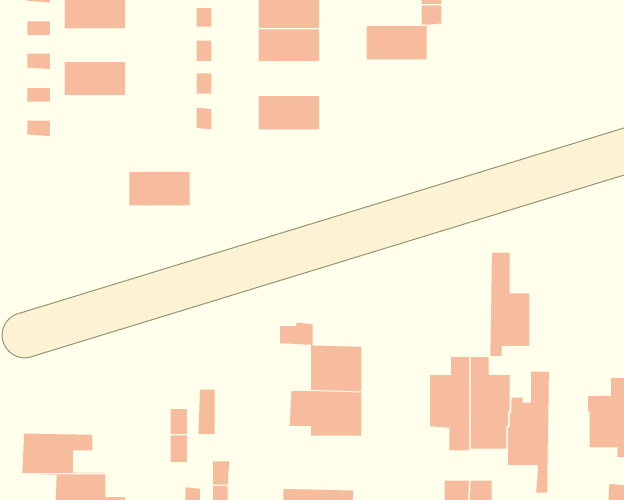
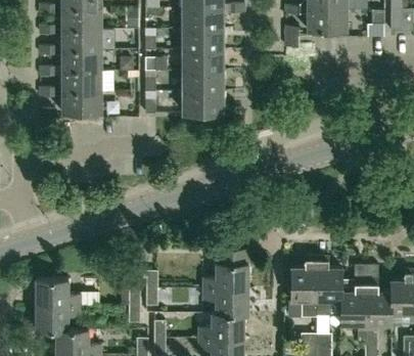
building: [366,26,428,60] -> [183,72,222,93]
building: none -> [61,51,100,72]
building: [128,172,190,206] -> [61,93,100,115]
building: [489,252,530,356] -> [365,266,390,331]
building: none -> [36,279,80,306]
building: none -> [198,307,248,341]

